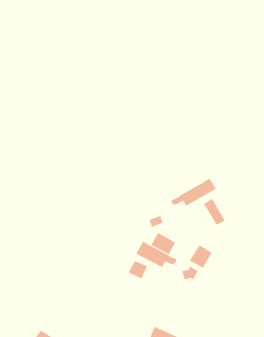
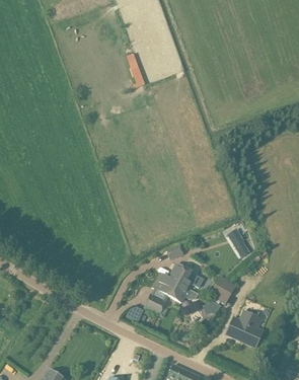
building: [170,178,217,207] -> none
building: none -> [227,312,263,348]

